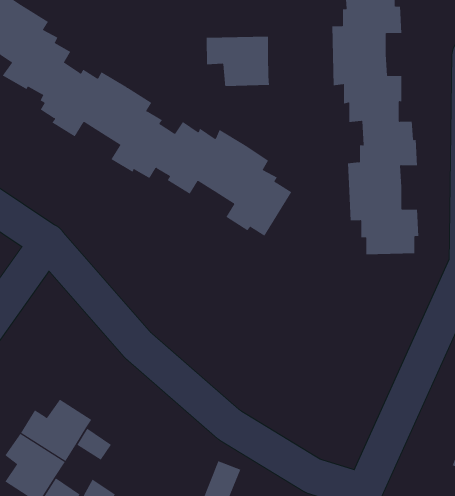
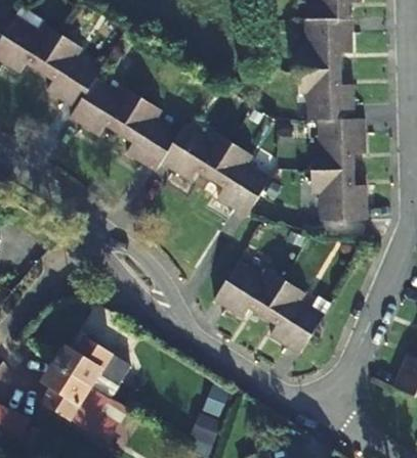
building: [206,36,269,87] -> none
building: none -> [211,267,321,355]

